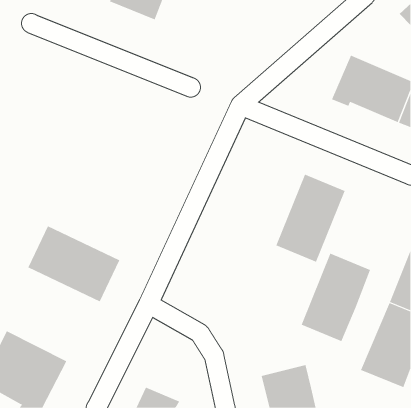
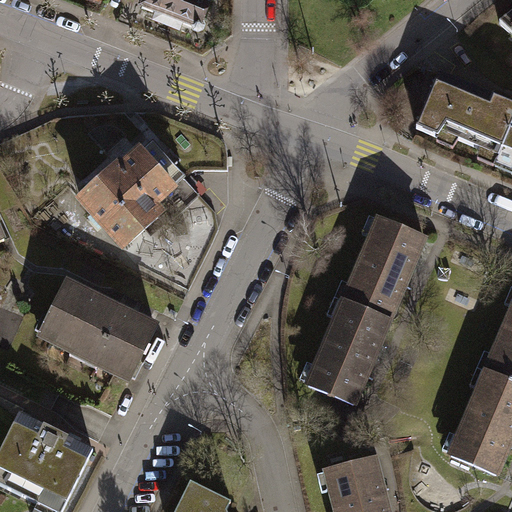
building: none -> [78,136,199,244]
building: [301,253,371,342] -> [305,304,392,414]

